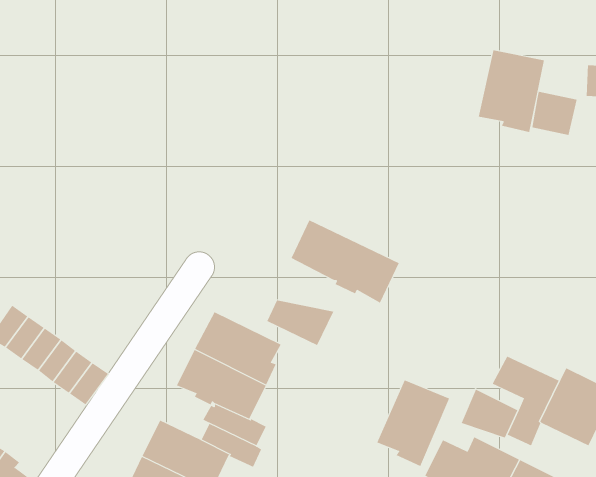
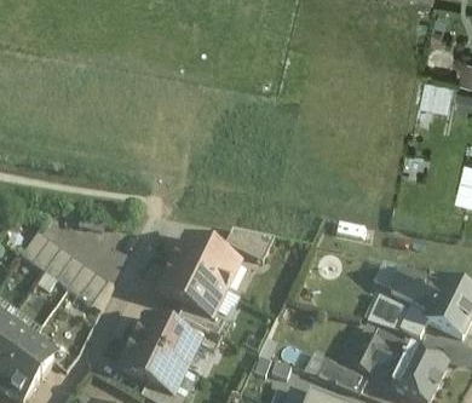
building: [478,50,545,133] -> none
building: [290,220,400,303] -> none
building: [377,380,450,467] -> none

